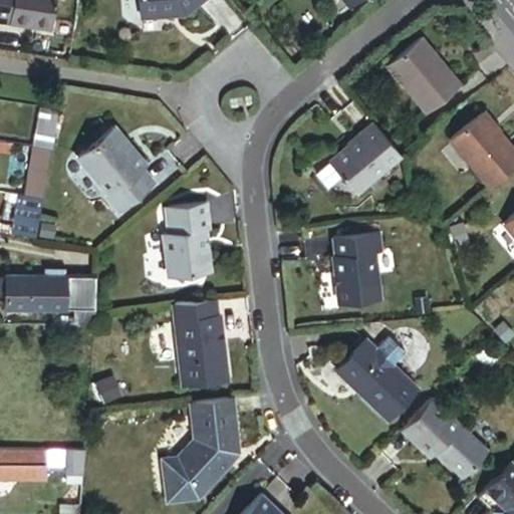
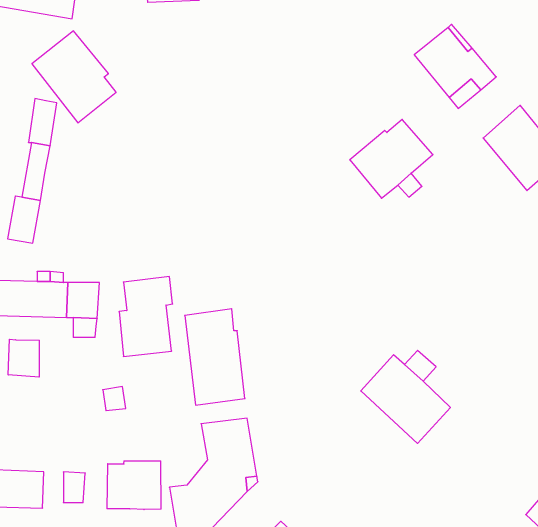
building: [78,126,156,211] -> [32,31,116,123]
building: [164,204,213,277] -> [119,277,173,356]
building: [328,234,378,306] -> none
building: none -> [8,339,39,377]
building: [402,399,490,478] -> none
building: none -> [107,461,161,510]

